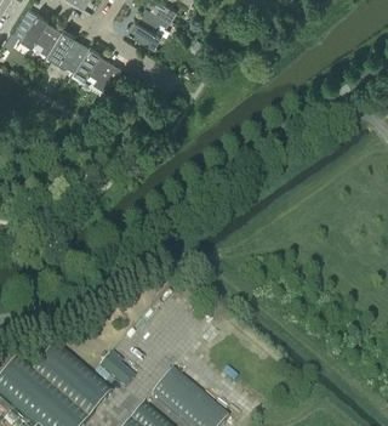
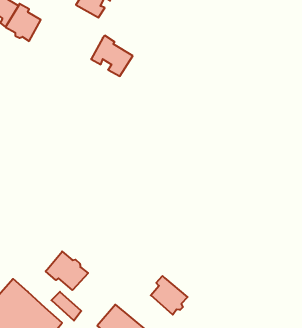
building: [73,42,120,89] -> [91,36,133,76]
building: none -> [46,251,88,290]
building: none -> [151,276,188,315]

